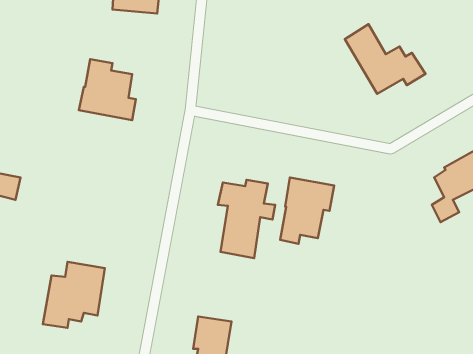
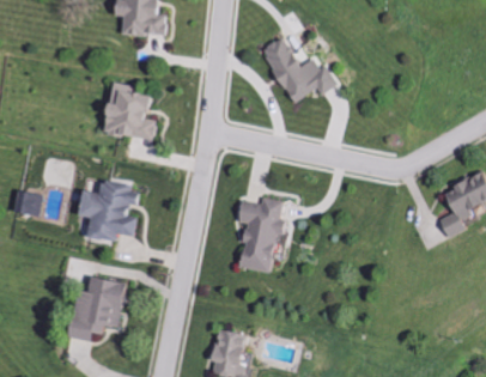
building: [345,24,426,94] -> [262,36,340,103]
building: none -> [73,180,138,242]
building: [280,178,334,244] -> none

